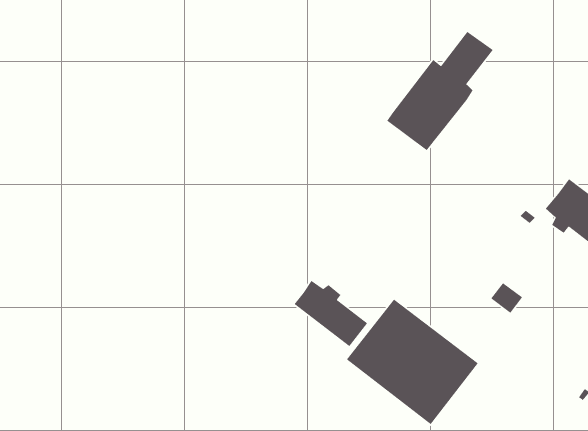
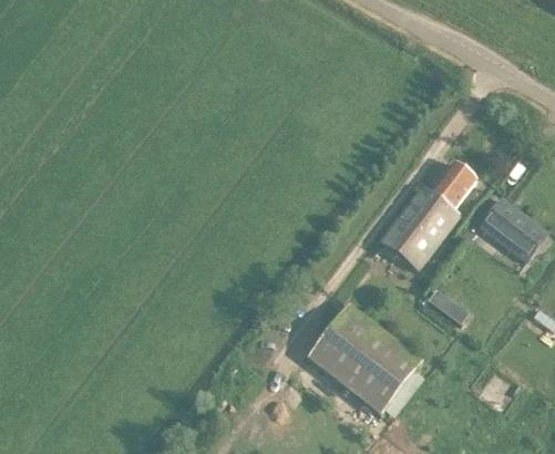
building: [386,31,494,151] -> [381,163,475,268]
building: [294,280,368,347] -> none

